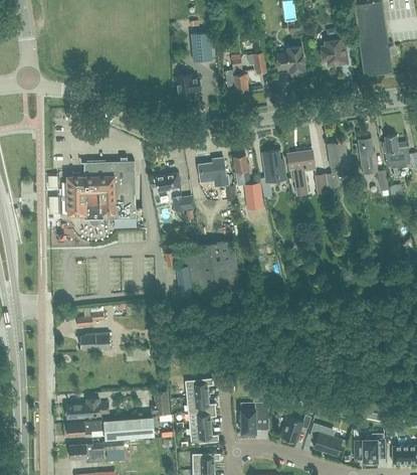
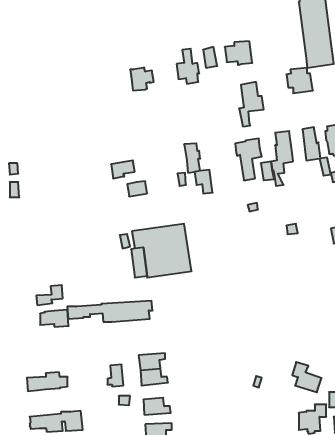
building: [191,32,213,61] -> none
building: [321,39,349,66] -> [286,68,313,93]
building: [260,150,286,197] -> [239,82,264,126]
building: [66,157,137,226] -> none
building: [200,158,228,187] -> none
building: [241,402,269,433] -> none
building: [188,410,216,428] -> none
building: [280,415,311,442] -> none
building: [67,417,158,439] -> [67,301,153,322]
building: [310,423,342,455] -> [292,362,322,392]

